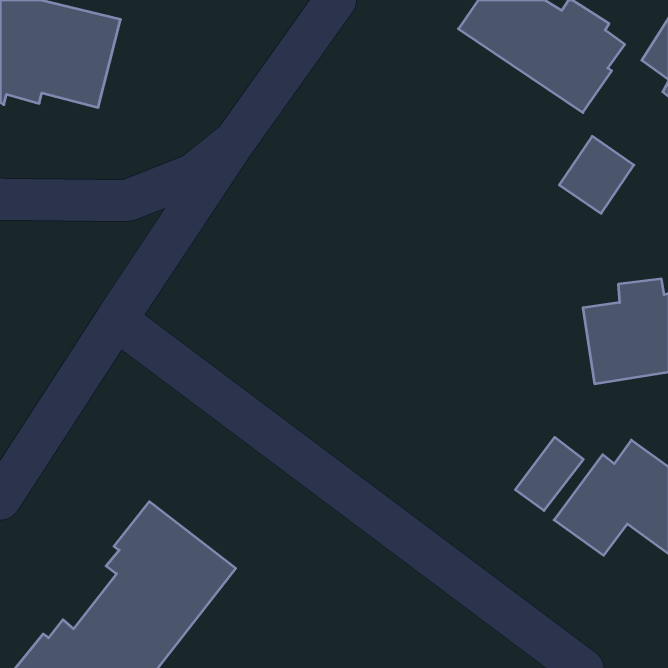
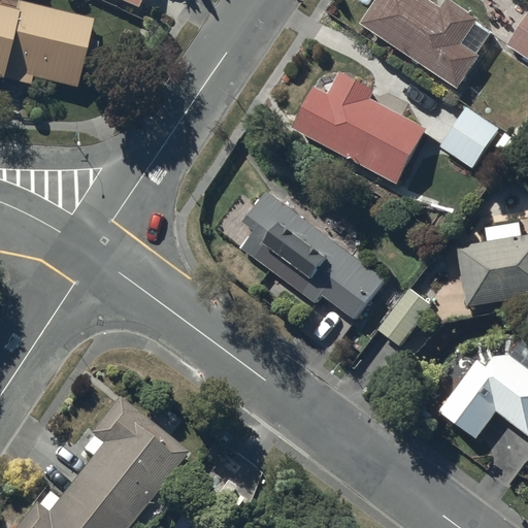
building: none -> [294,76,429,189]
building: none -> [238,191,383,318]
building: [515,437,583,511] -> [381,286,434,343]

